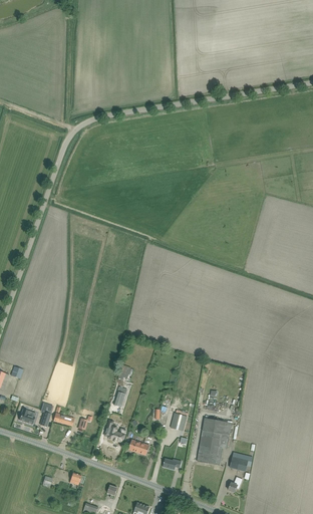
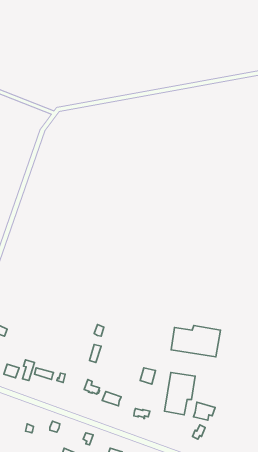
building: none -> [171,326,221,357]

